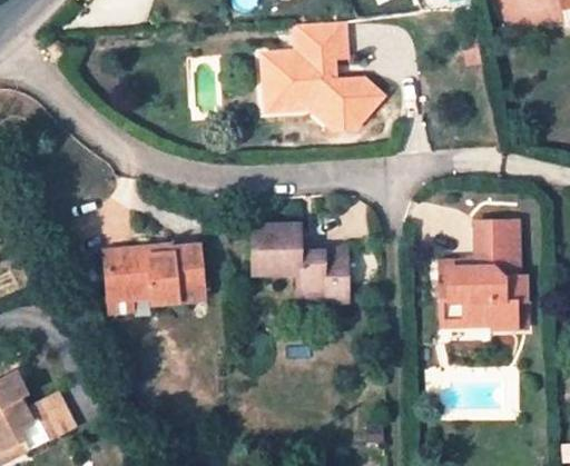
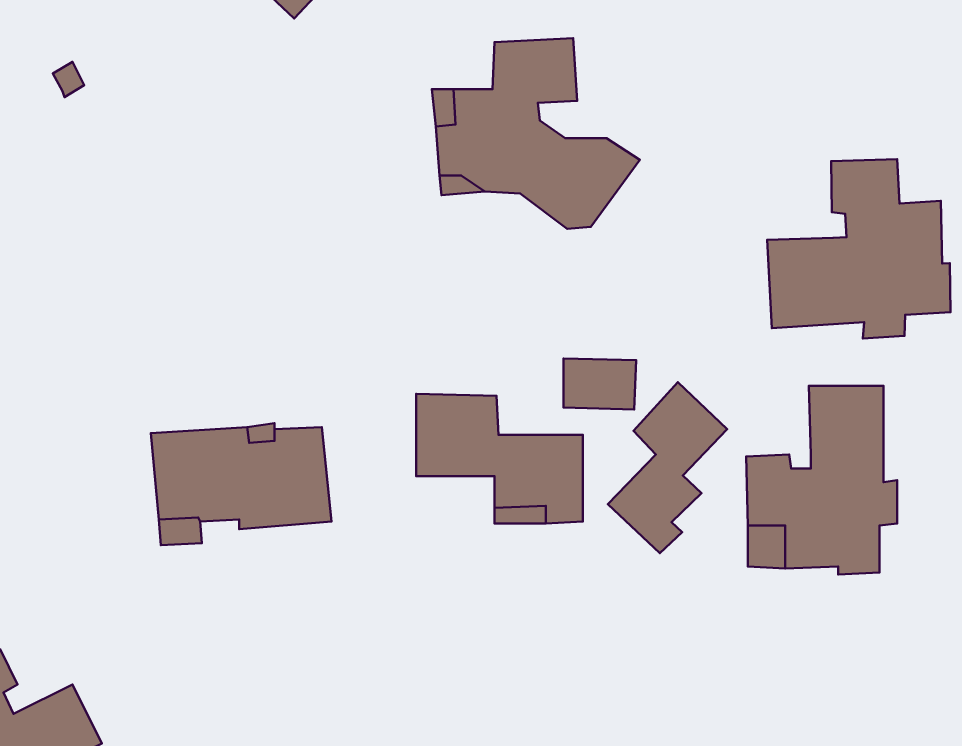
building: none -> [767,159,950,339]
building: none -> [608,382,727,553]

